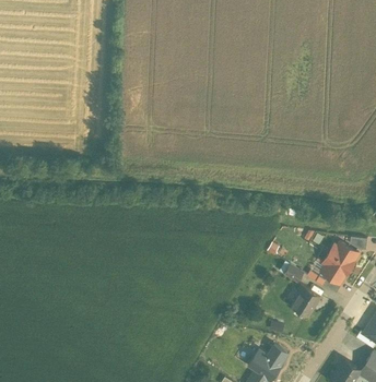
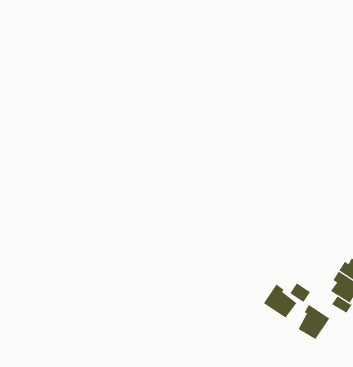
building: none -> [263,284,297,318]

